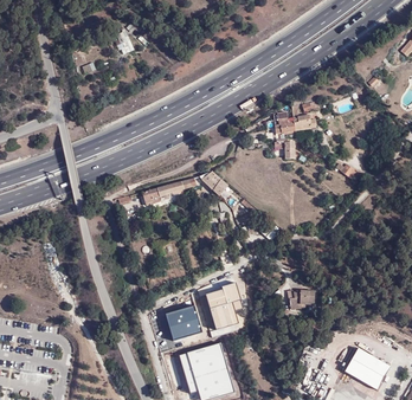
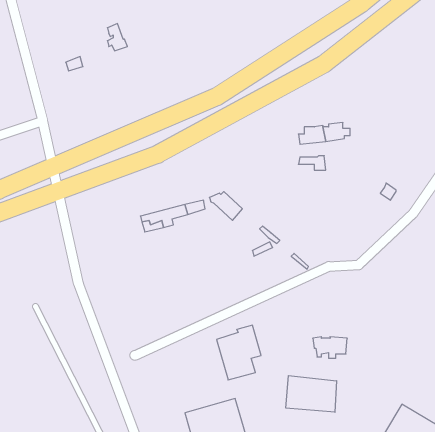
building: [166,305,200,340] -> none
building: none -> [286,376,337,412]

